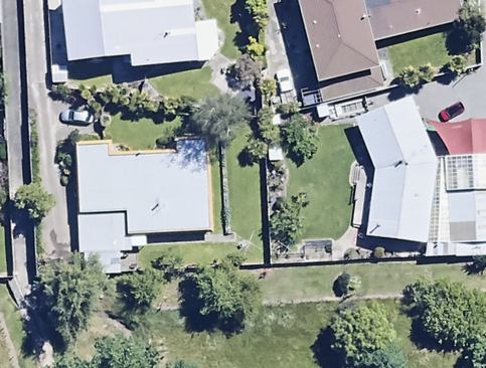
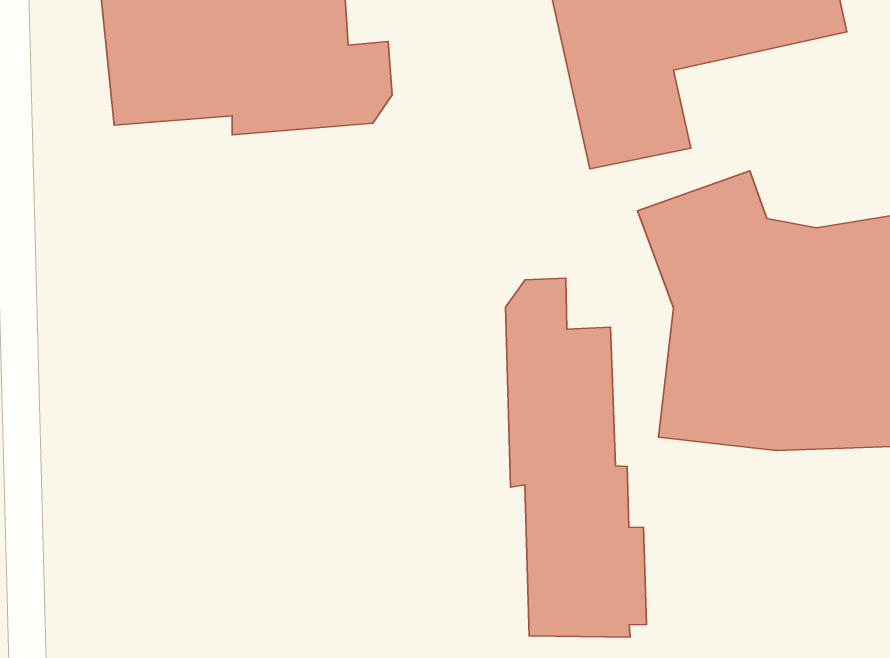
building: [79,140,210,280] -> none
building: none -> [505,278,647,637]

